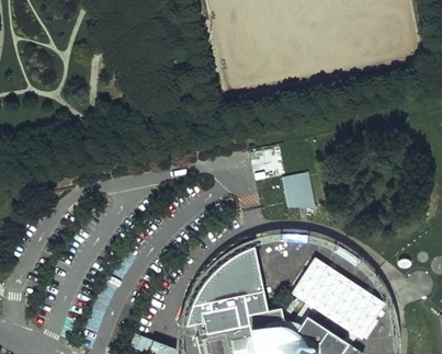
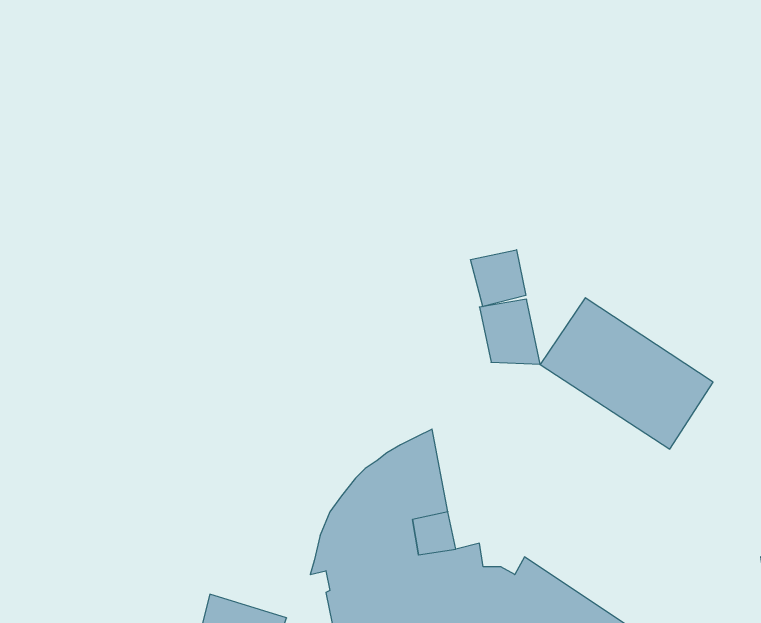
building: none -> [471,250,526,307]
building: [290,255,386,340] -> [540,298,713,449]

